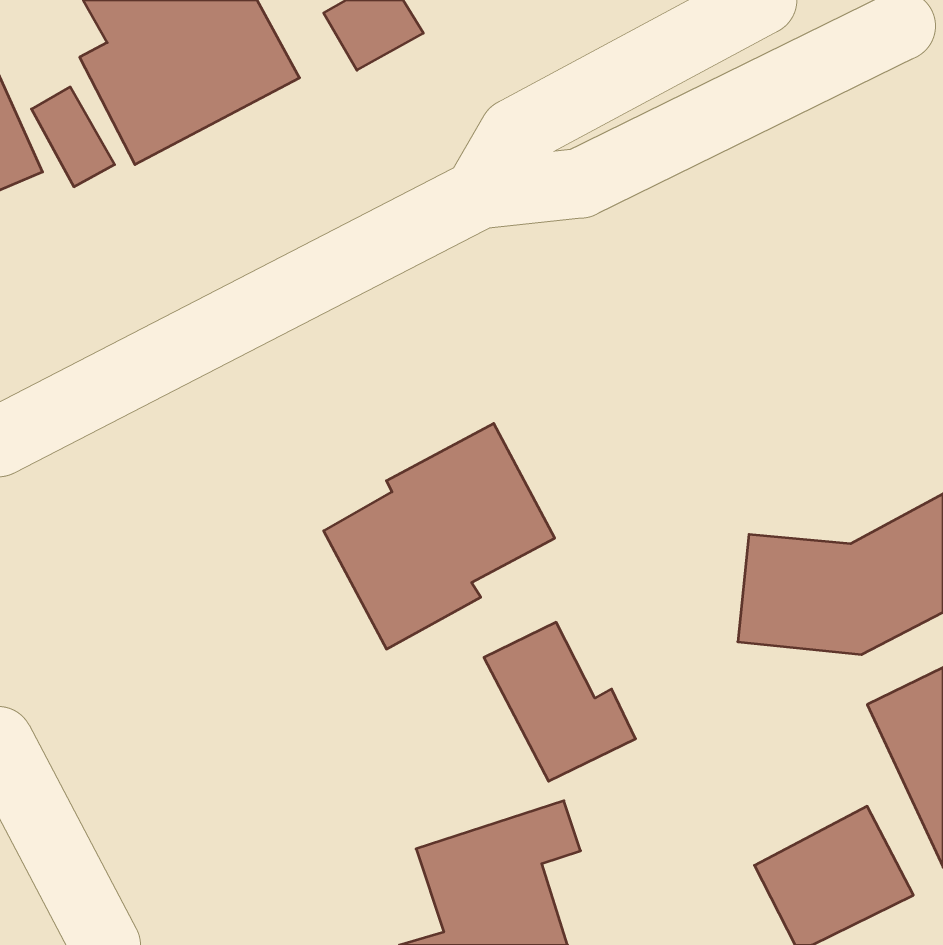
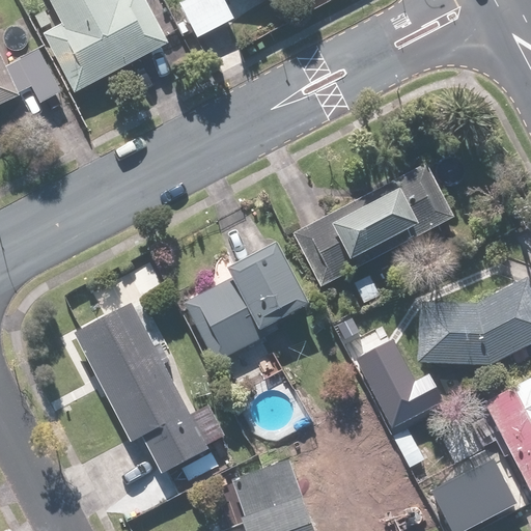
building: none -> [291,161,454,286]
building: none -> [75,302,225,471]
building: [484,622,636,781] -> [354,338,439,427]

